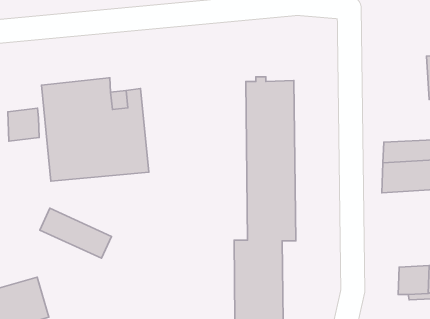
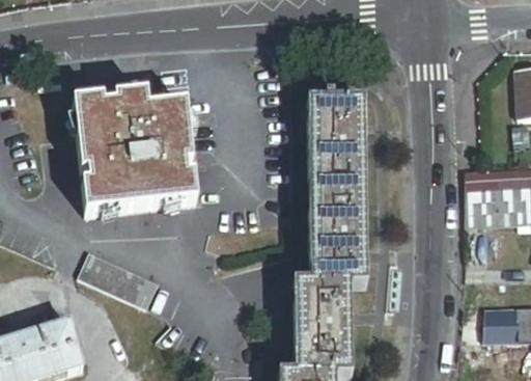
building: [8,108,39,141] -> none

